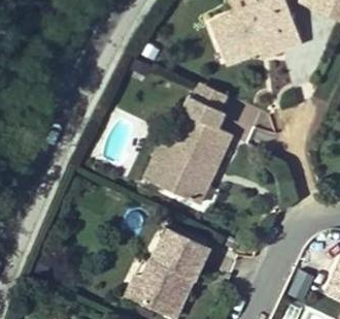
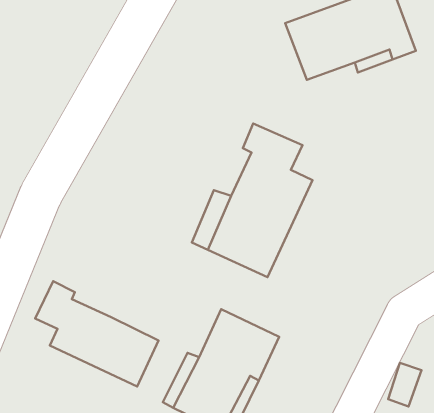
building: none -> [35,281,158,386]

